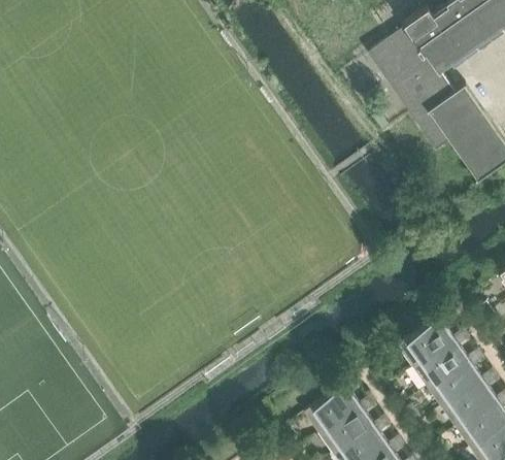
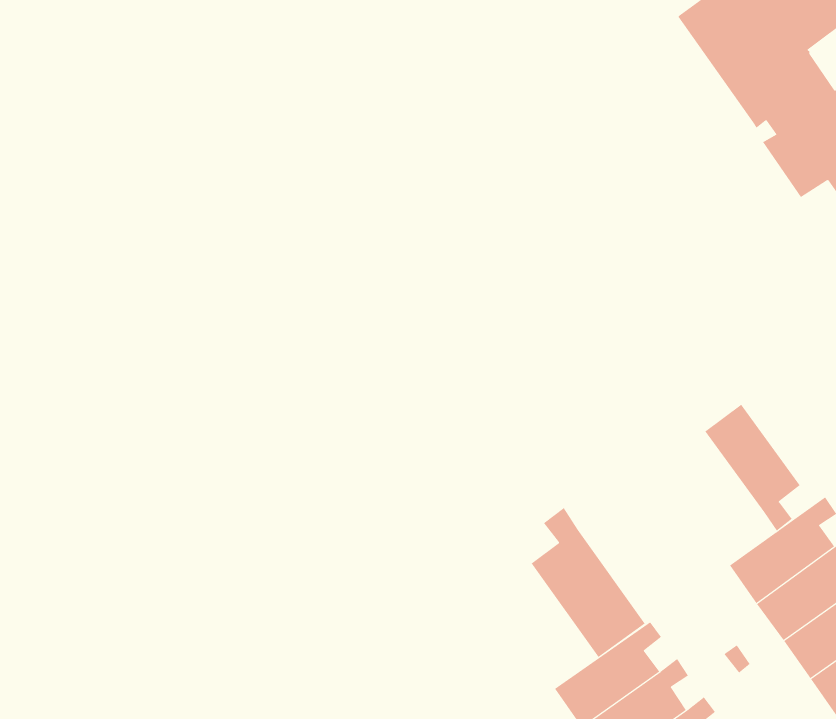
building: none -> [704,404,801,532]
building: none -> [531,507,646,658]

